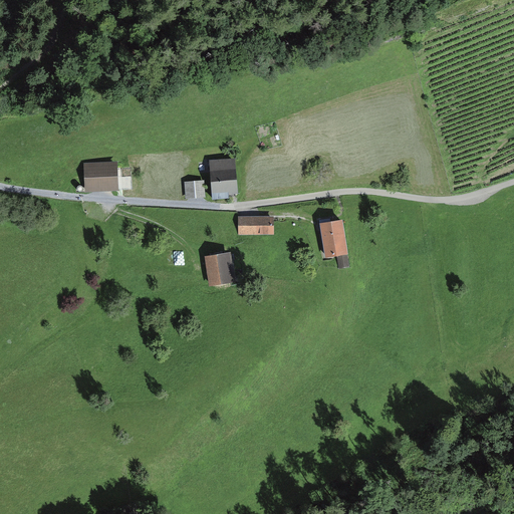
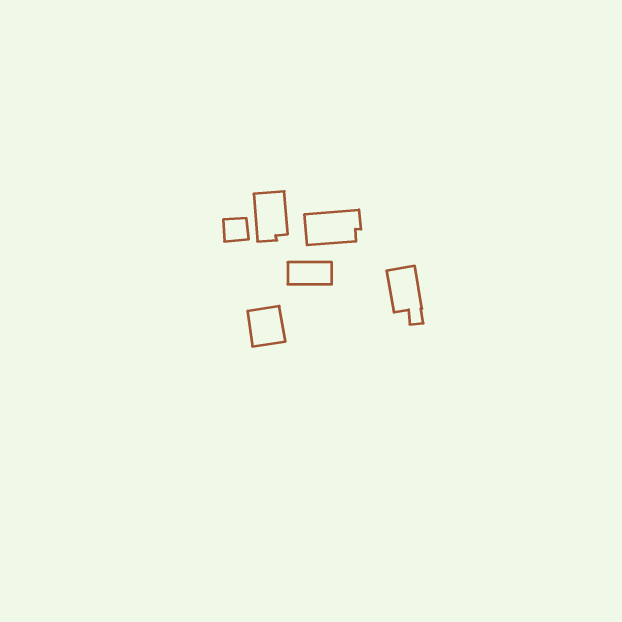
building: [83,161,118,192] -> none
building: none -> [305,210,361,245]

